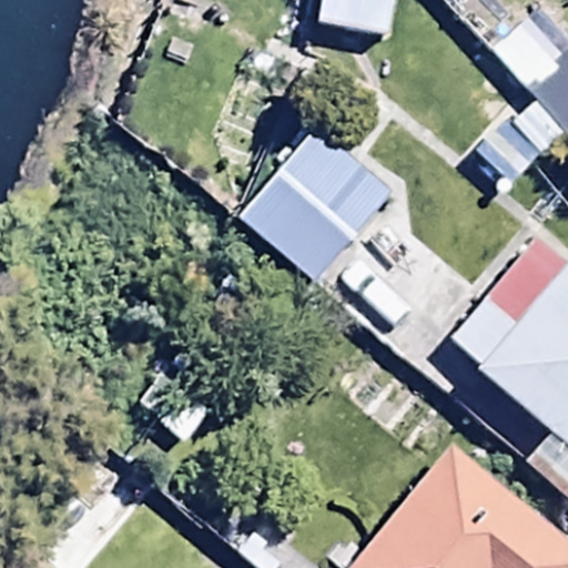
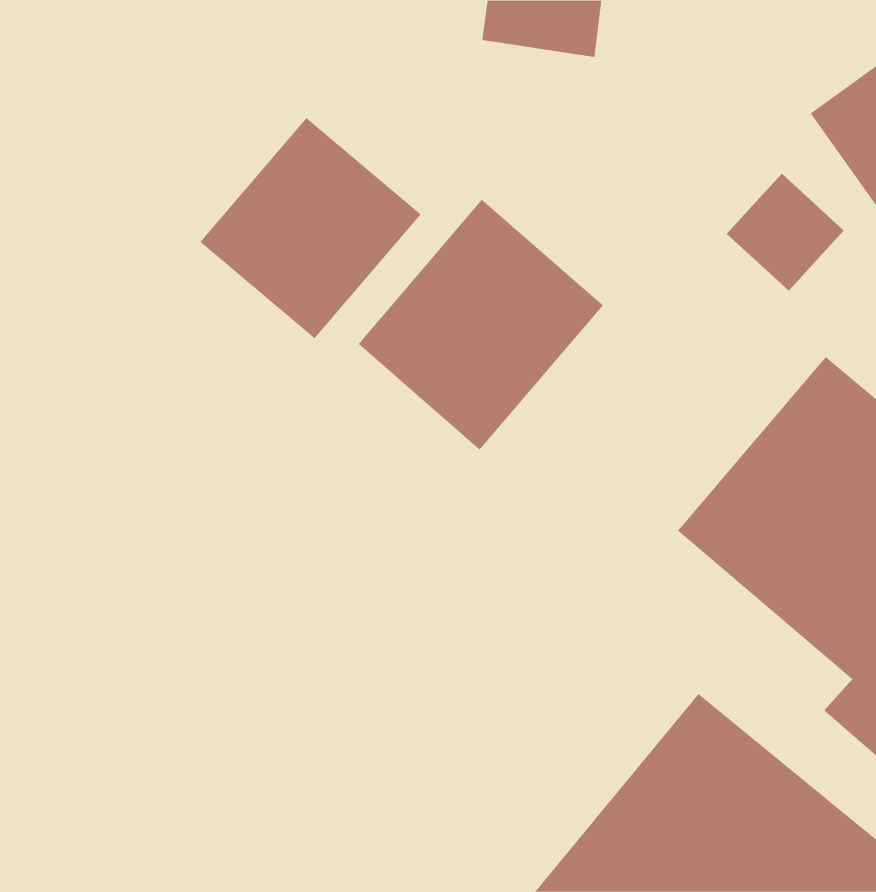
building: none -> [200,117,422,339]

